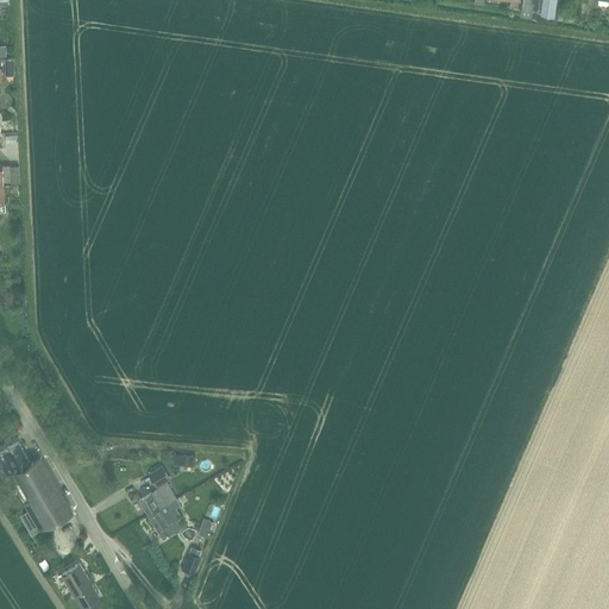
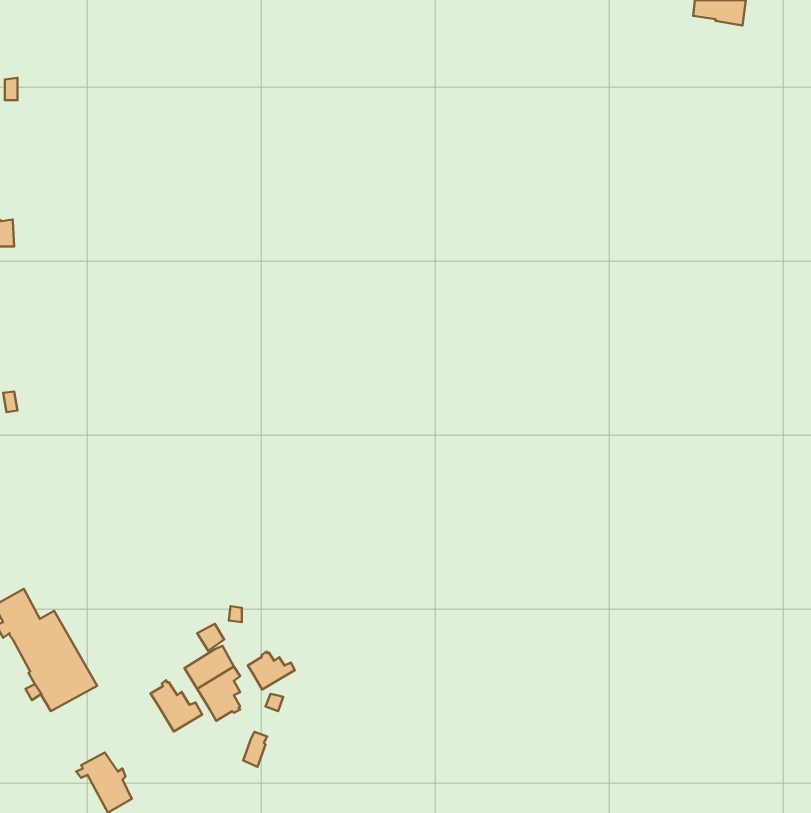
building: none -> [248,652,295,690]
building: none -> [151,680,202,731]

